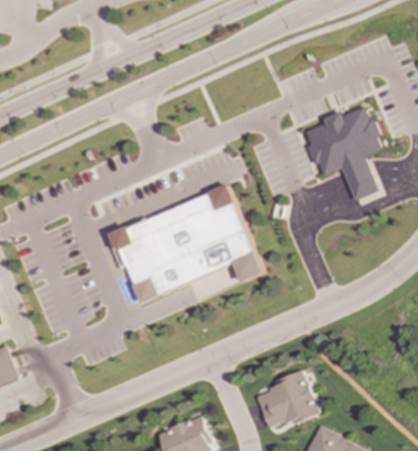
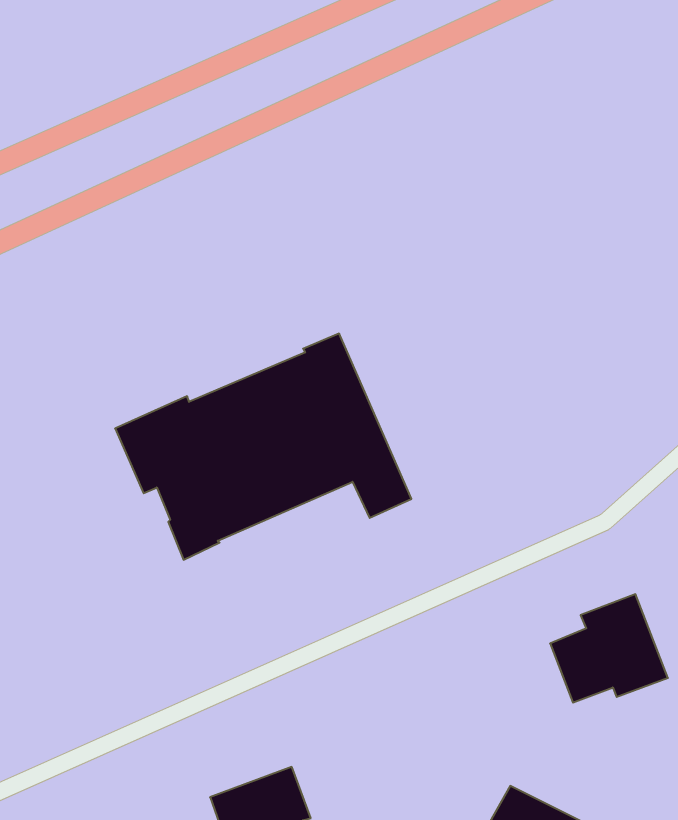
building: [302,106,379,201] -> none
building: [254,370,317,428] -> [550,594,668,703]

